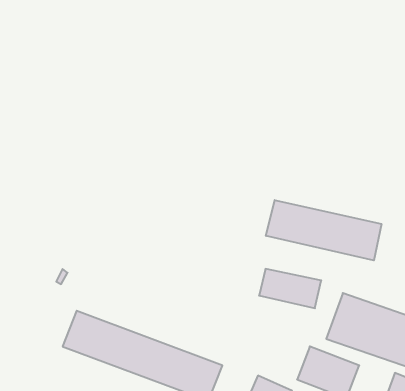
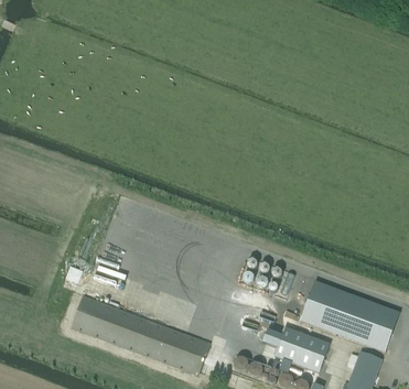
building: [266,200,381,260] -> none

